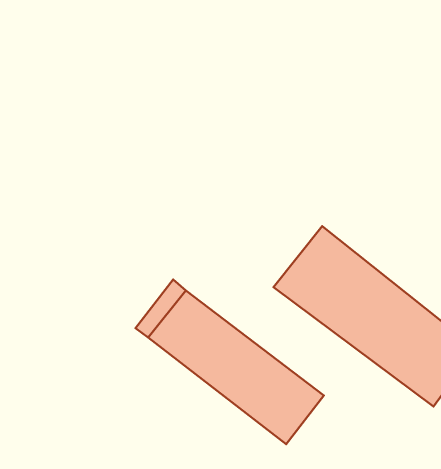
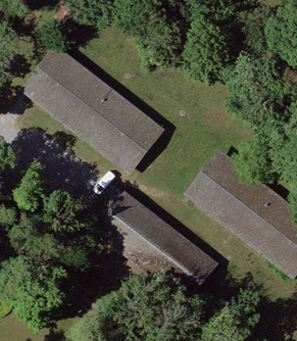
building: none -> [30,48,162,166]

